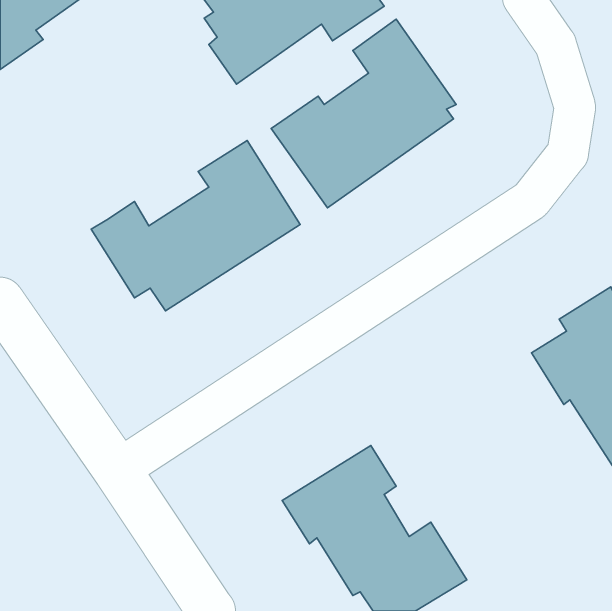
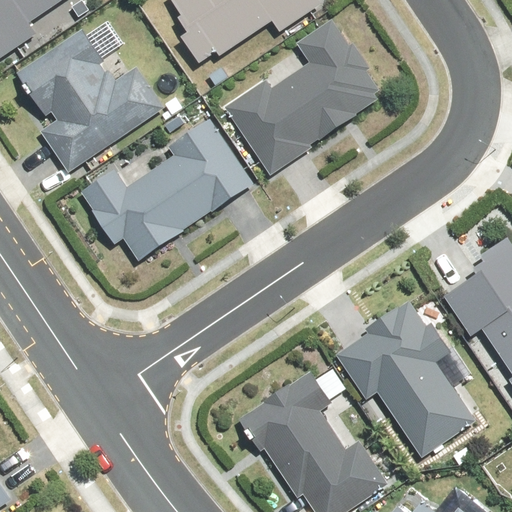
building: none -> [18,34,163,170]
building: none -> [334,299,472,454]

